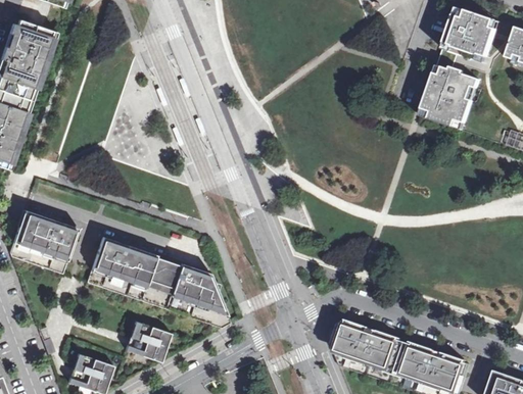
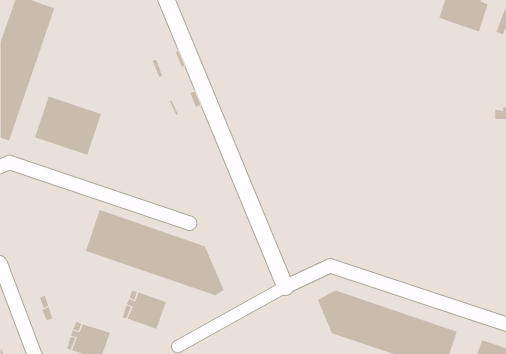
building: [420,61,481,129] -> none
building: [8,210,78,272] -> [34,96,102,156]

